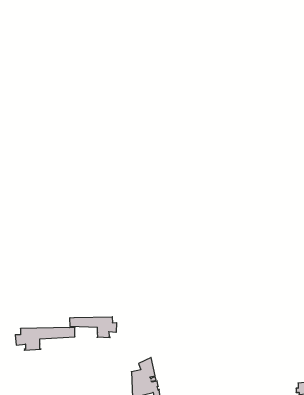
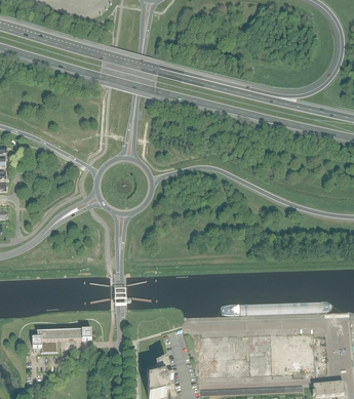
building: [70,317,116,338] -> none

